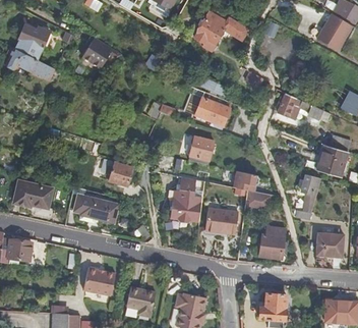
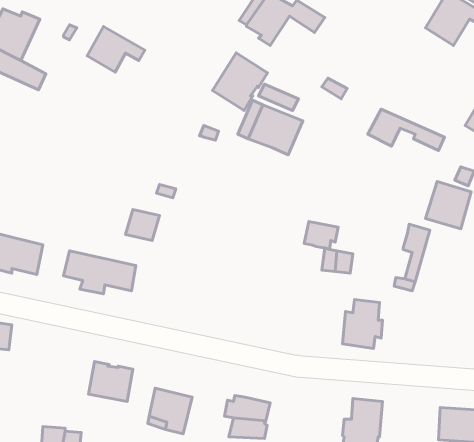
building: none -> [213,53,268,110]
building: [188,135,214,162] -> none
building: [170,176,202,223] -> none
building: [204,207,238,232] -> none
building: [316,232,343,256] -> none

